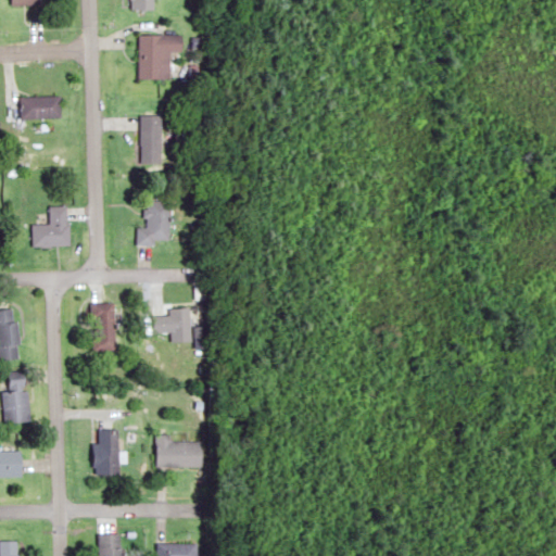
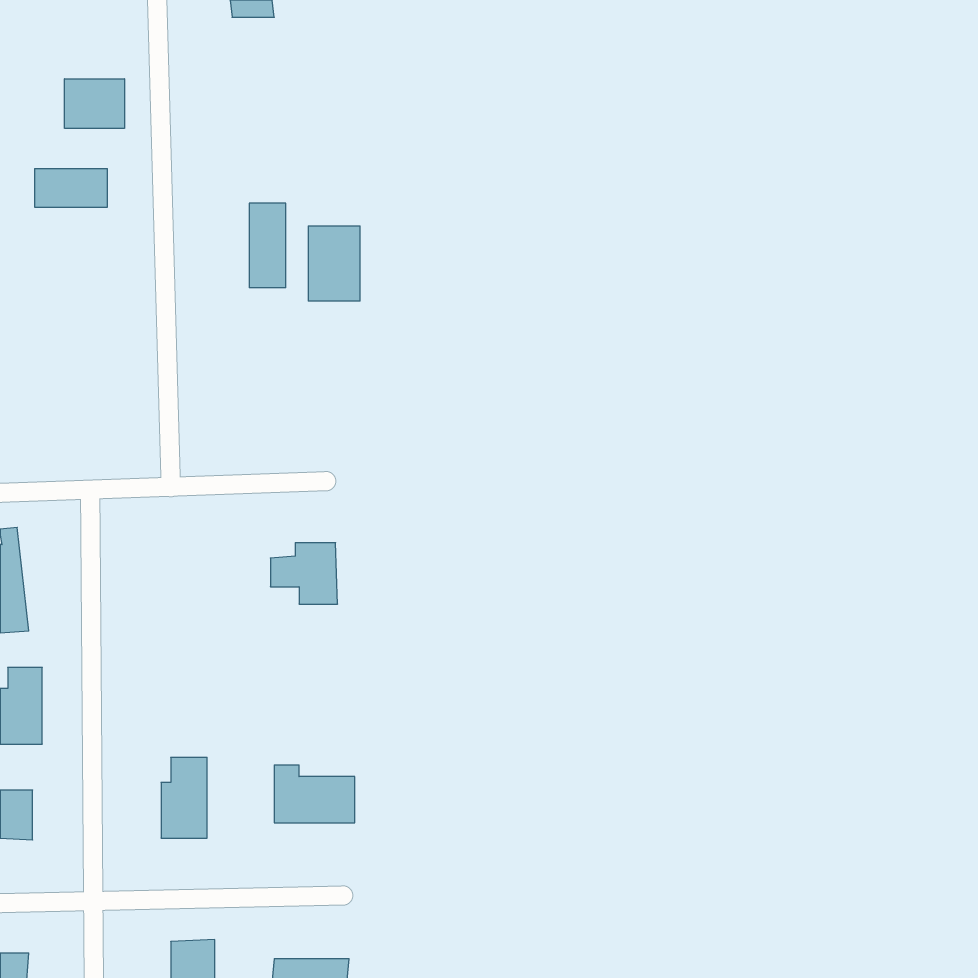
building: [140,36,185,79] -> none
building: none -> [65,79,124,128]
building: [142,201,172,243] -> [308,226,360,301]
building: [33,206,68,247] -> none
building: [91,304,116,351] -> none

